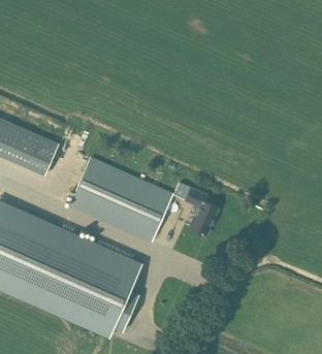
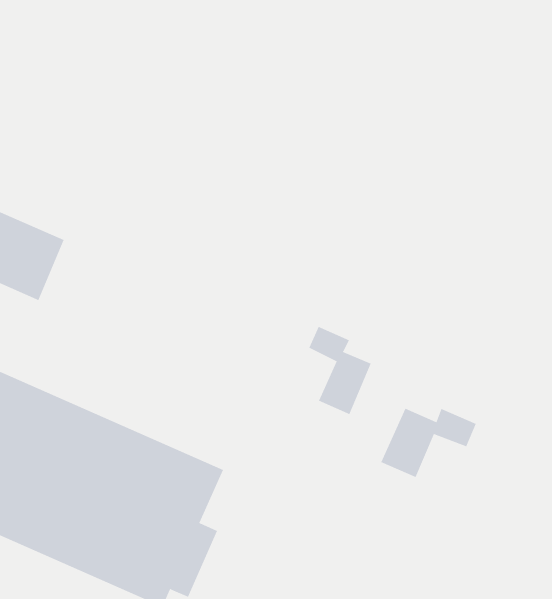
building: [69,158,172,242] -> none
building: none -> [381,408,476,478]

